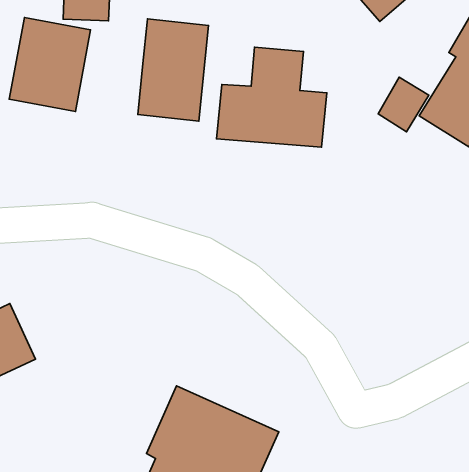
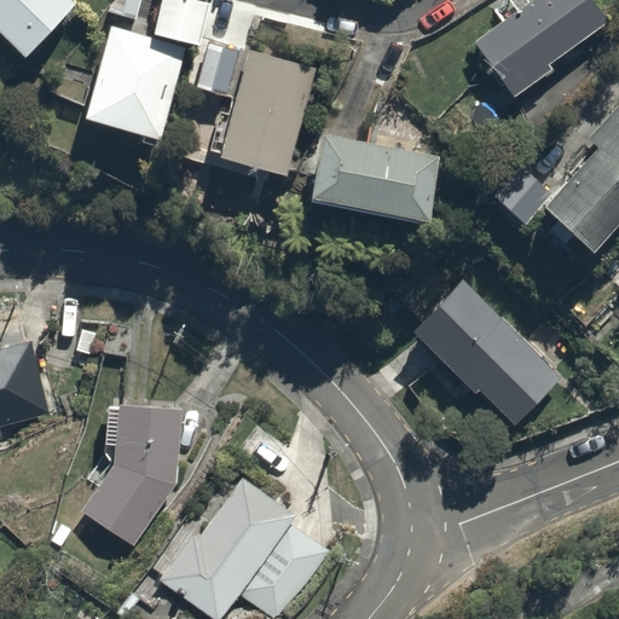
building: none -> [197,42,249,99]
building: none -> [415,279,567,426]
building: none -> [80,406,179,546]

